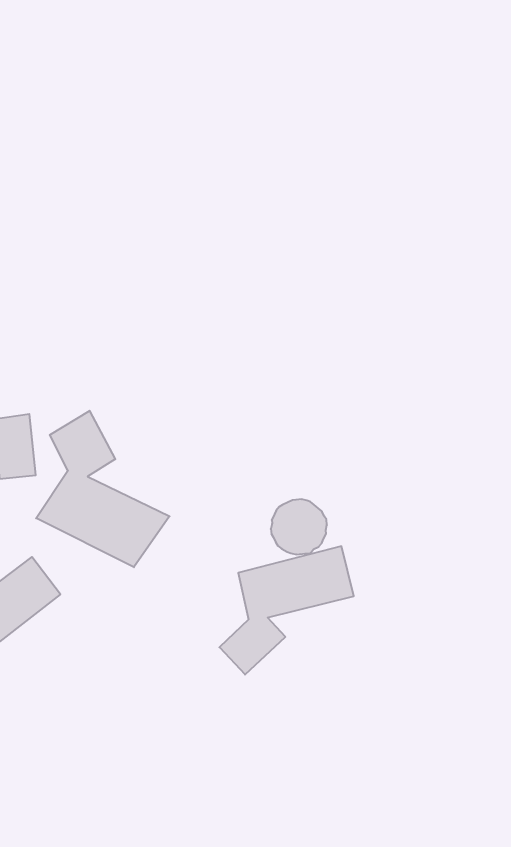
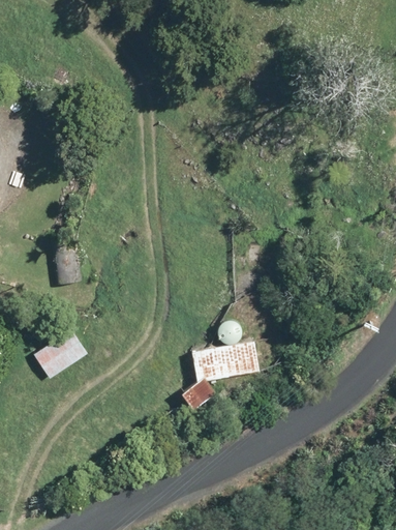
building: [36,411,170,567] -> none

